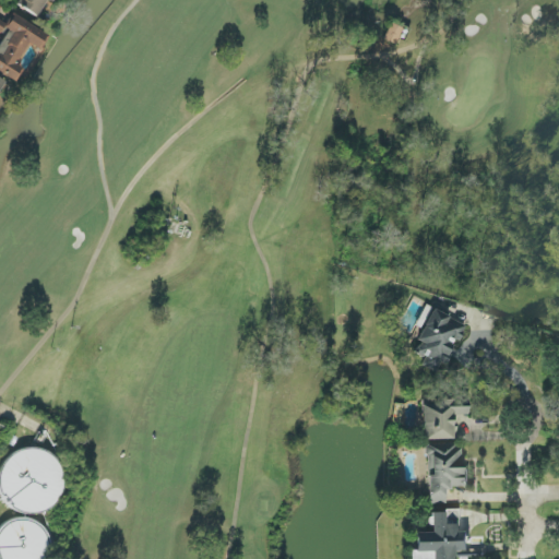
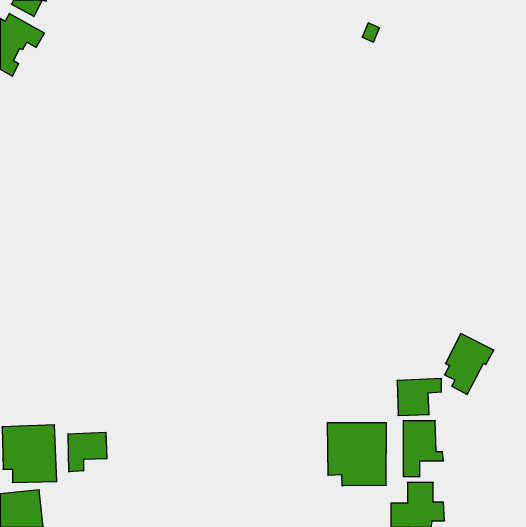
building: [415,309,467,373] -> [444,334,494,394]
building: none -> [328,423,386,486]
building: none -> [68,432,107,472]

